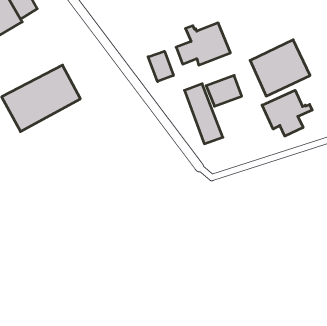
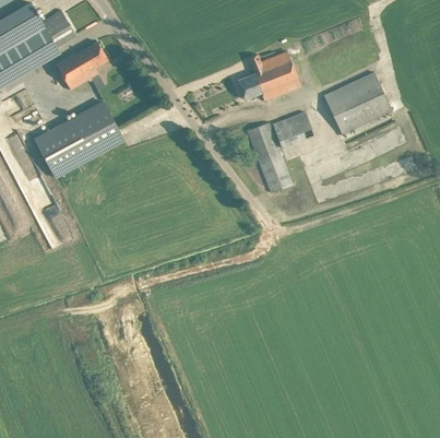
building: none -> [55,40,106,87]
building: [148,51,173,82] -> none
building: [262,90,312,136] -> none

